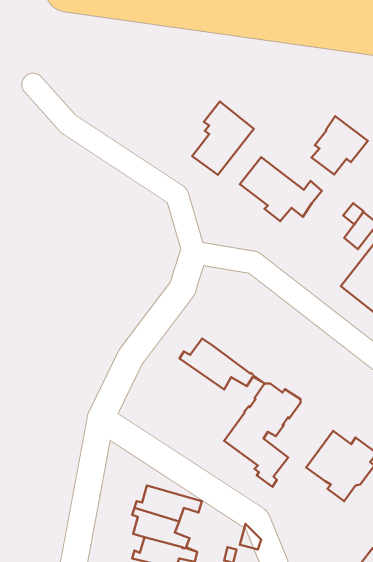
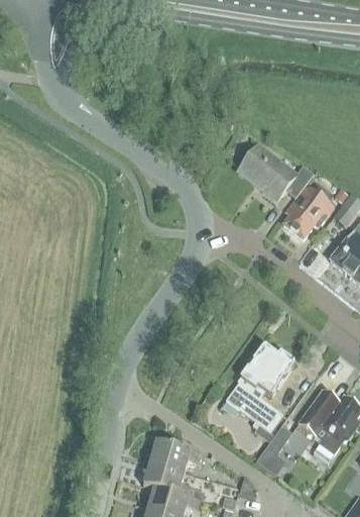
building: [192,101,254,175] -> none
building: [312,116,368,174] -> [282,185,333,237]
building: [179,339,265,389] -> none
building: none -> [256,424,302,474]

